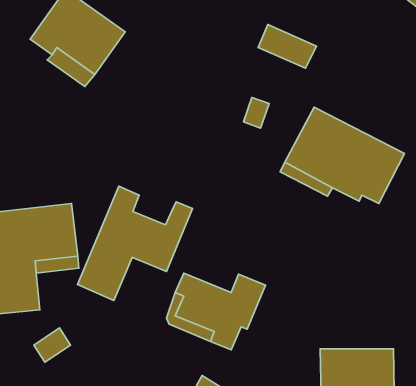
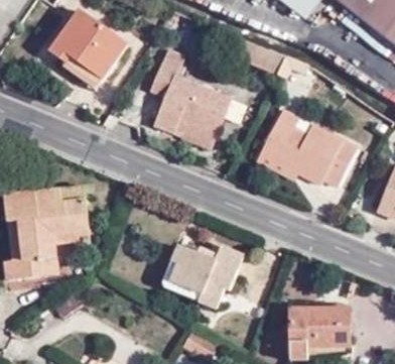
building: none -> [152,48,231,147]
building: [77,186,192,300] -> none

